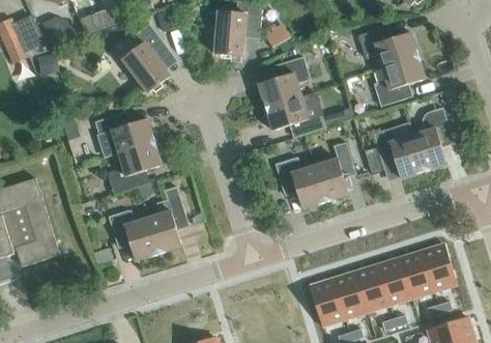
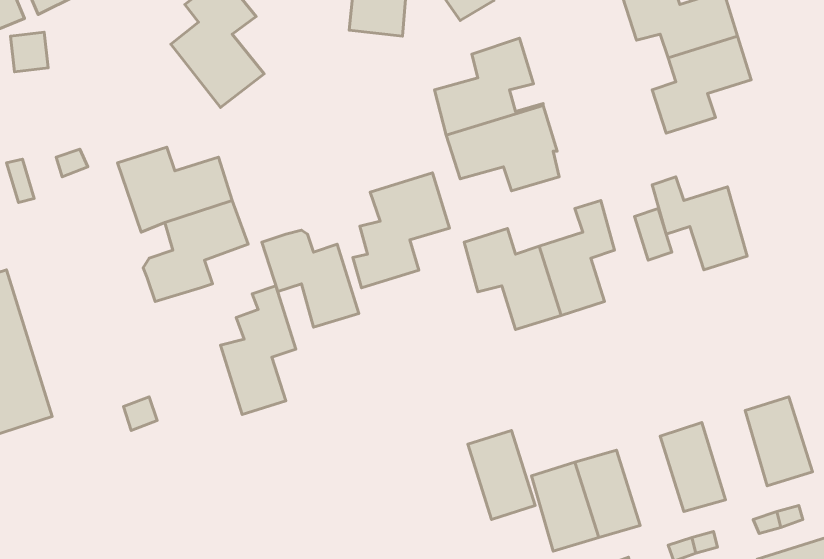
building: [412,107,452,170] -> none
building: none -> [353,173,449,288]
building: [108,209,158,260] -> [262,230,359,327]
building: [399,251,433,297] -> none
building: [354,264,389,311] -> [468,430,535,520]

